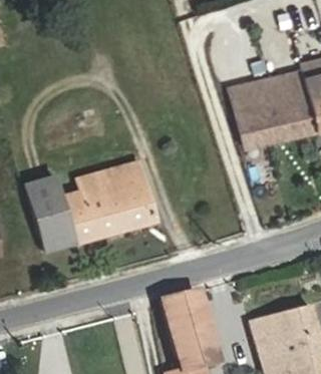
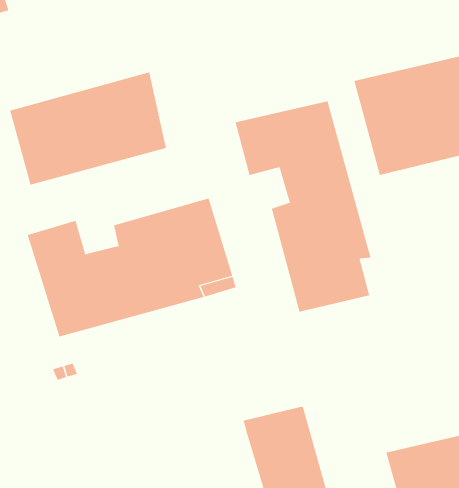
building: none -> [9,72,167,185]
building: none -> [235,100,371,313]

